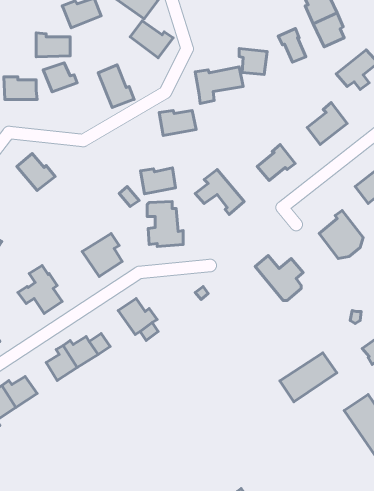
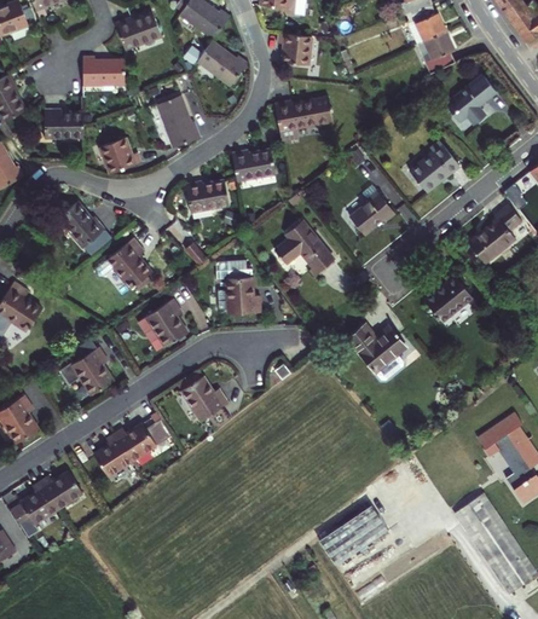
building: [278,28,306,62] -> none
building: [239,48,267,74] -> [278,34,312,65]
building: [43,63,77,92] -> [99,138,140,173]
building: [140,168,175,194] -> [186,180,228,212]
building: none -> [96,238,152,289]
building: [280,353,337,402] -> [319,505,388,565]

